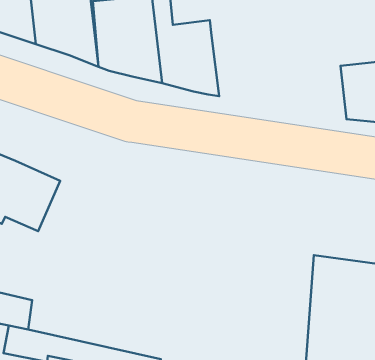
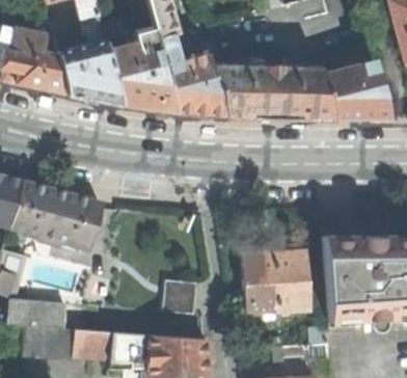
building: none -> [211,64,333,118]
building: none -> [243,251,310,315]
building: none -> [167,280,202,316]

